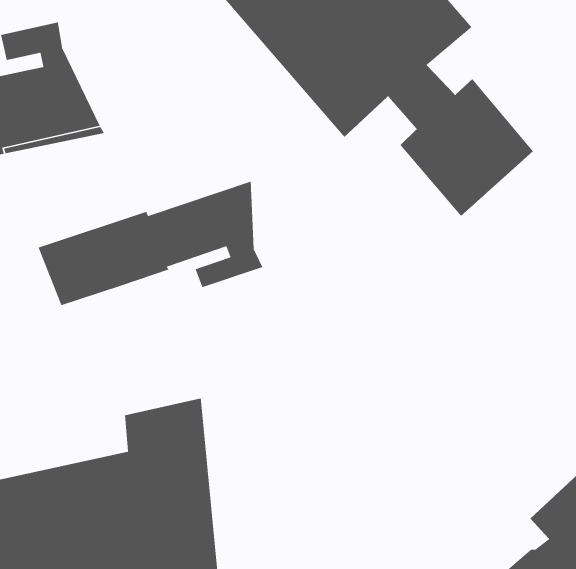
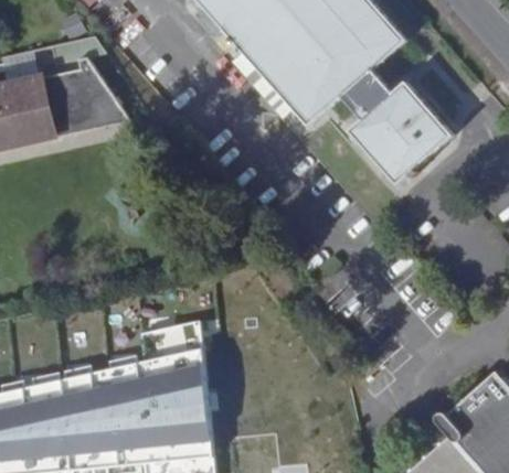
building: [38,181,263,306] -> none

